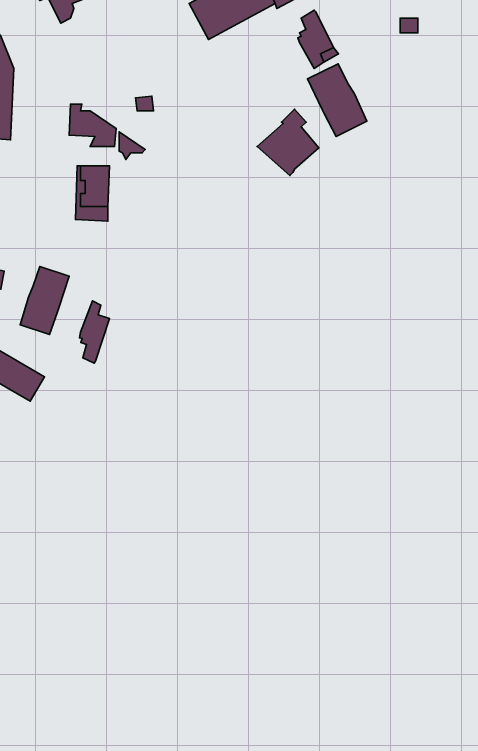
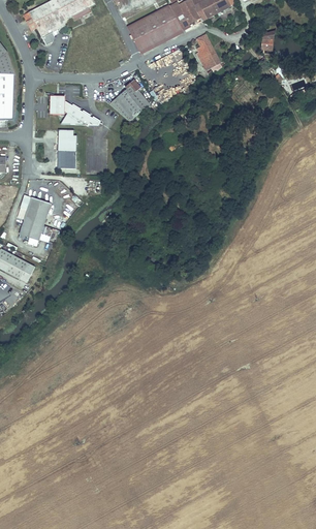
building: [307,64,367,137] -> none
building: [257,109,319,176] -> [108,77,148,120]
building: [79,301,110,363] -> none

